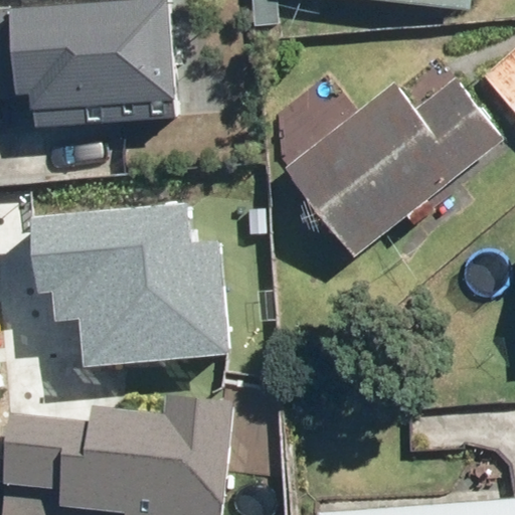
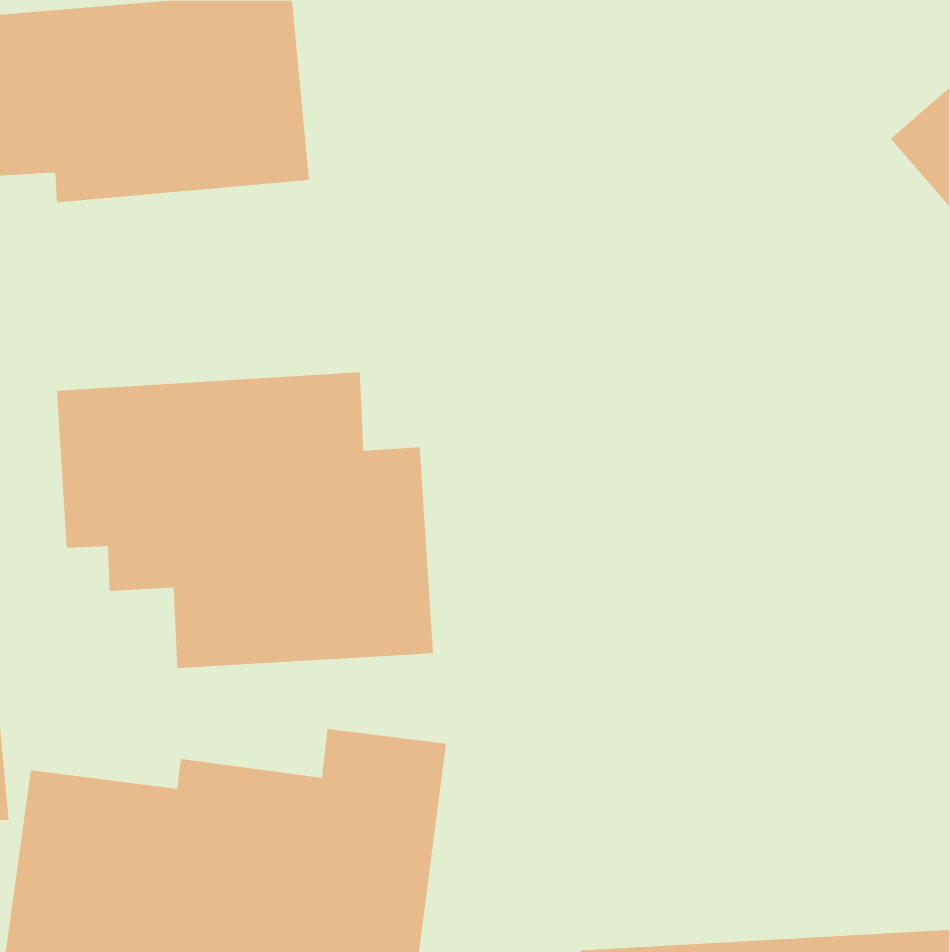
building: [278,81,499,260] -> none

